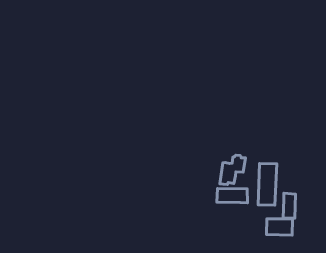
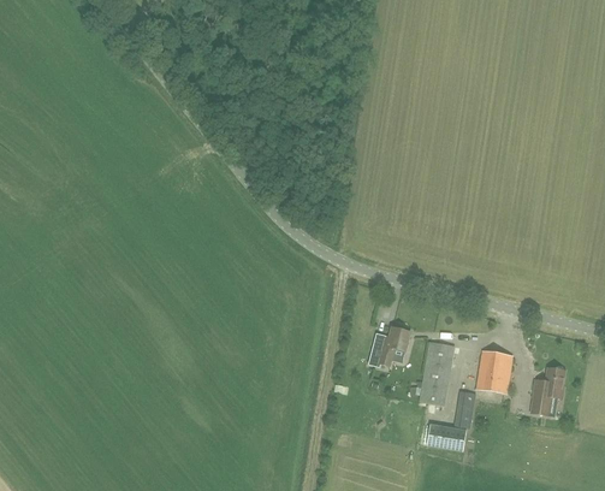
building: none -> [476,350,512,392]
building: [217,188,247,203] -> none

